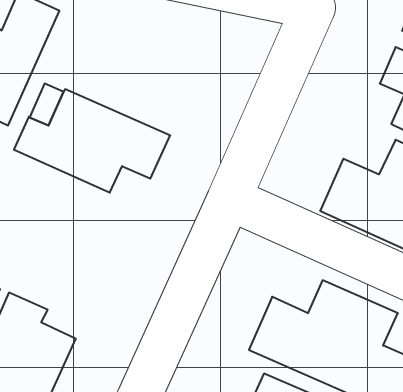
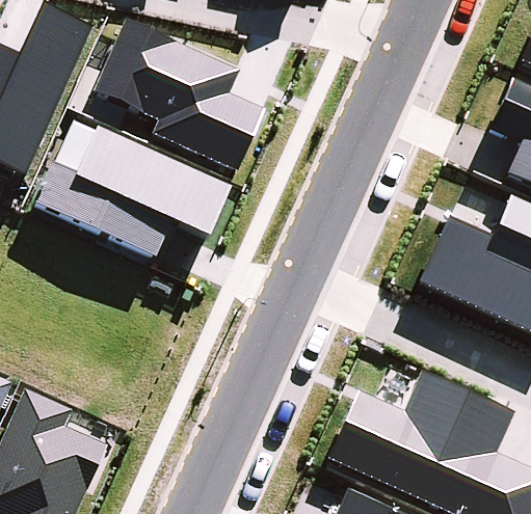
building: none -> [92,21,263,170]

